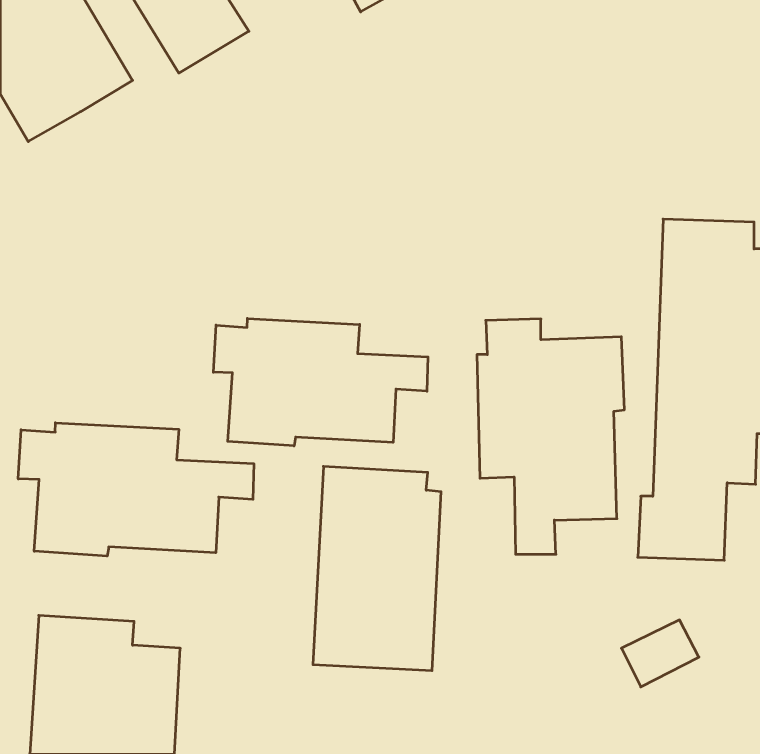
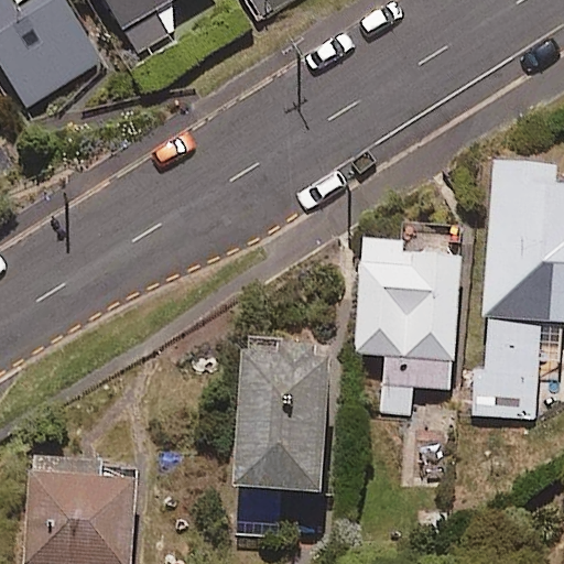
building: [213,318,428,446] -> none
building: [18,423,254,556] -> none

